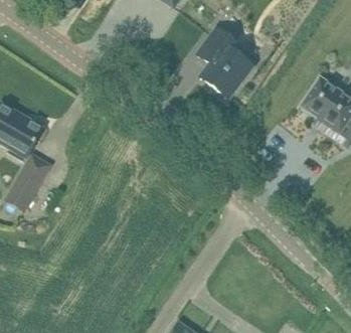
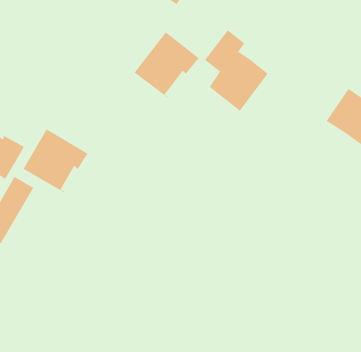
building: none -> [134,31,199,98]
building: none -> [23,129,88,193]

